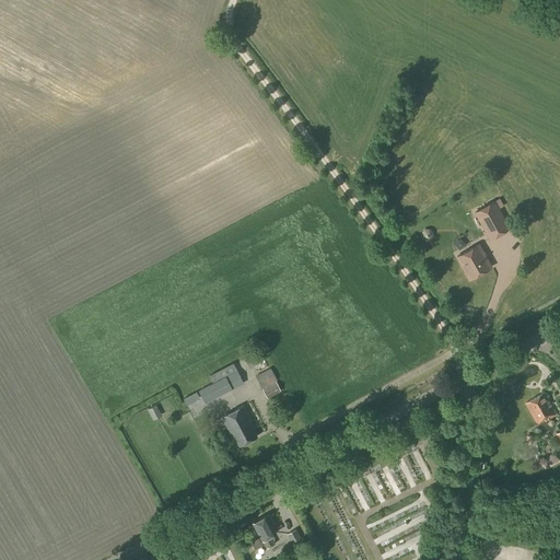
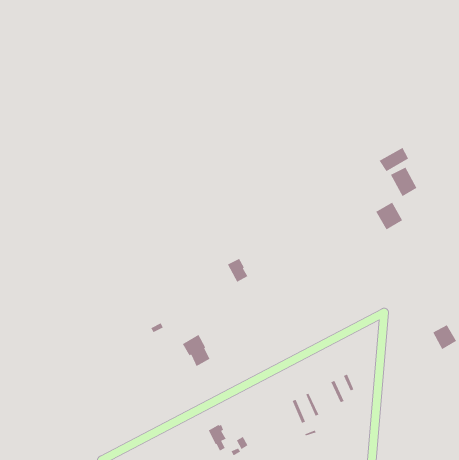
building: none -> [379,147,409,172]
building: [199,364,243,404] -> none
building: [256,369,282,399] -> [227,258,248,283]

